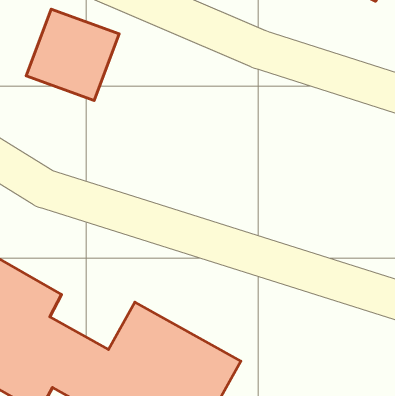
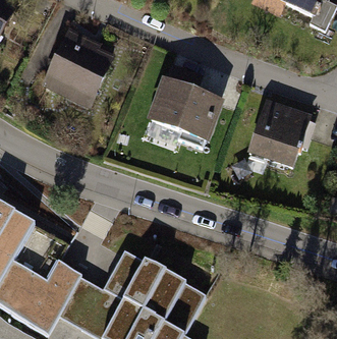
building: none -> [146,70,223,137]
building: none -> [249,98,315,164]

